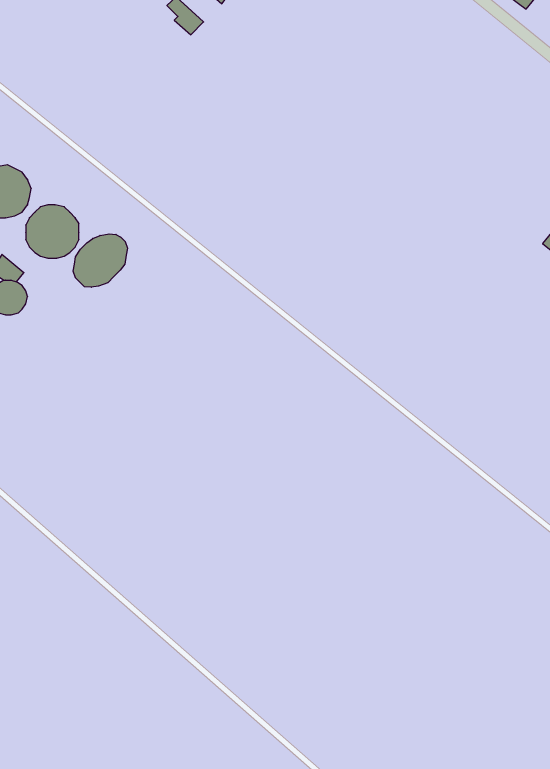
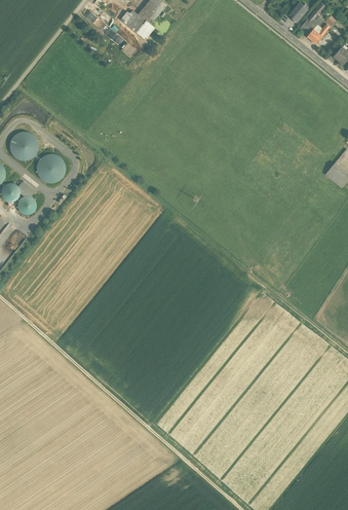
building: [73,234,128,287] -> none

